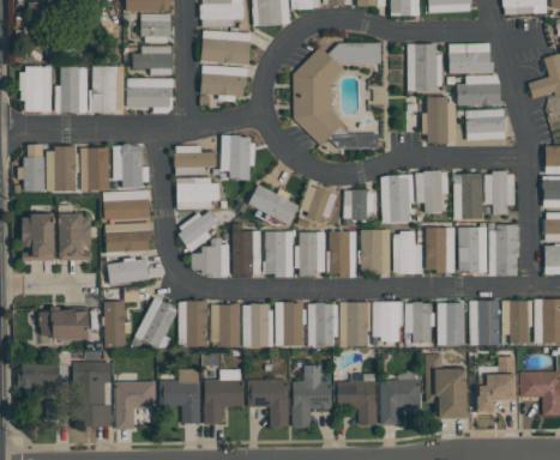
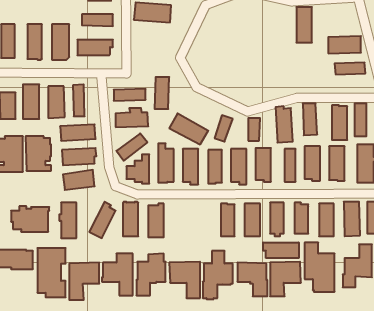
building: [293,42,380,149] -> none
building: [448,52,493,73] -> none
building: [200,72,247,96] -> none
building: [427,95,447,143] -> none
building: [283,301,303,344] -> none
building: [251,302,269,346] -> none
building: none -> [263,242,299,258]

